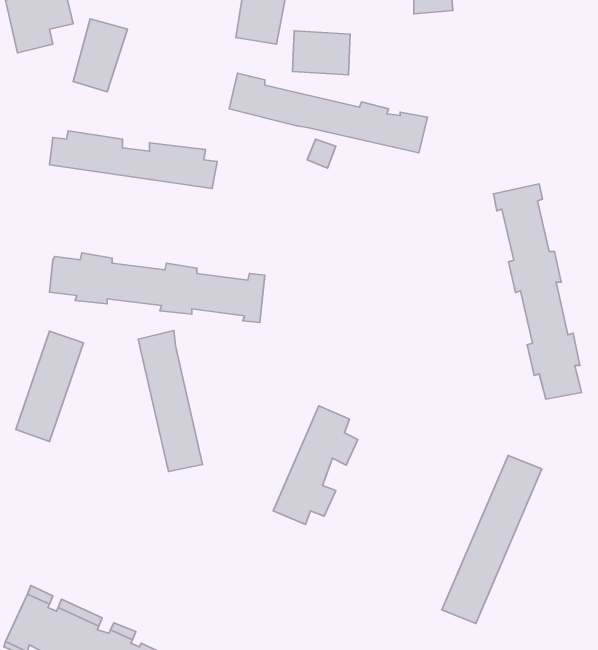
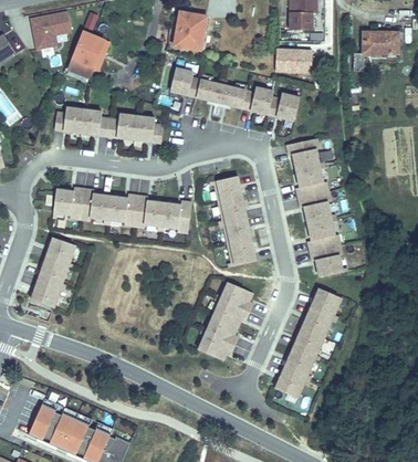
building: none -> [365,28,401,54]
building: [293,31,350,75] -> [271,50,309,78]
building: [493,184,581,399] -> [288,137,345,277]
building: [138,331,202,471] -> [215,176,257,267]
building: [442,455,542,623] -> [278,290,343,399]

